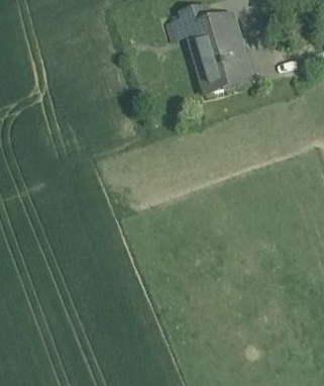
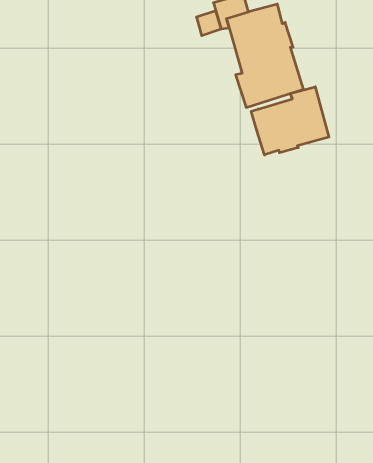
building: none -> [251,87,329,155]

